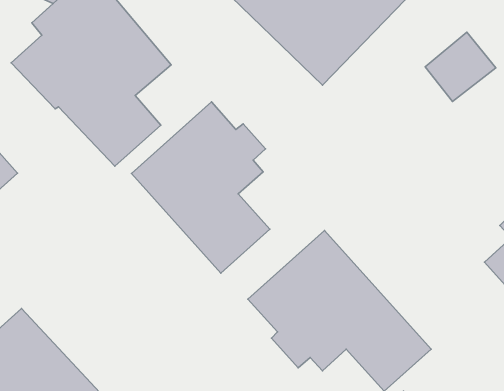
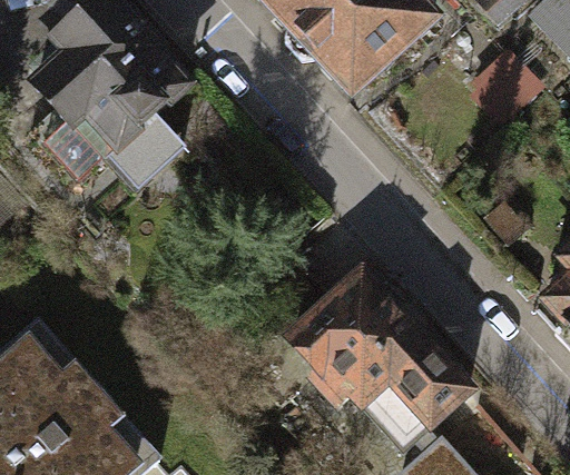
building: [131,102,270,273] -> none

